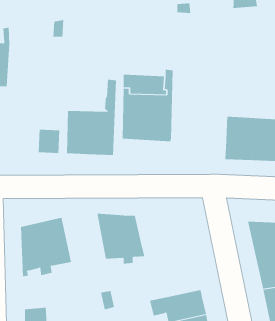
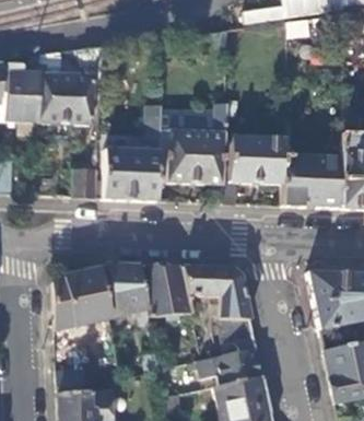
building: none -> [39,54,94,125]
building: none -> [222,116,287,201]
building: none -> [106,262,151,324]
building: none -> [183,266,256,356]

